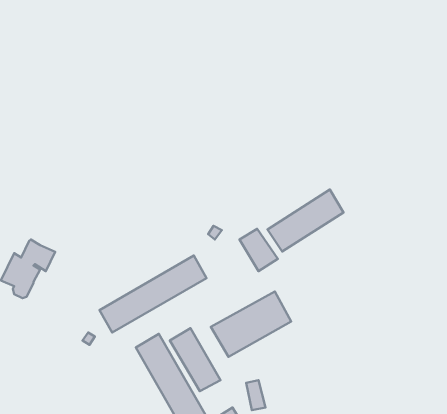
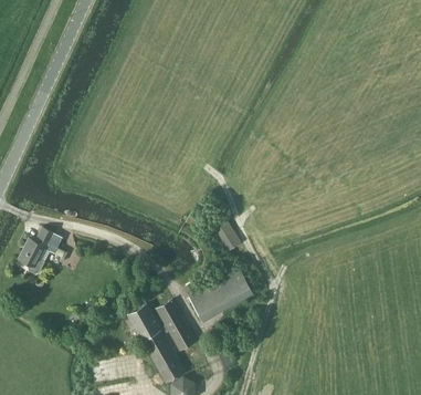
building: [268,189,344,252] -> none
building: [100,256,206,333] -> none

